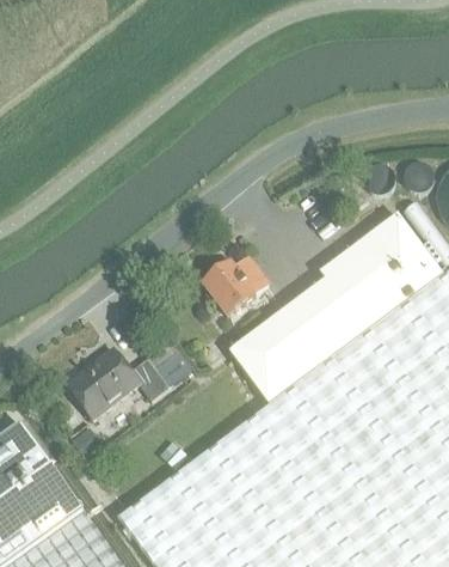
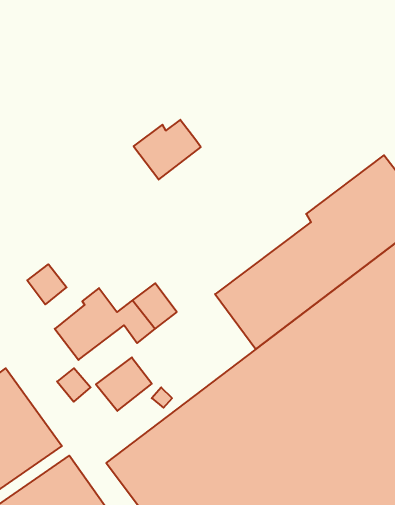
building: [203,256,270,316] -> [134,120,201,180]
building: none -> [27,264,67,304]
building: none -> [96,357,152,411]

